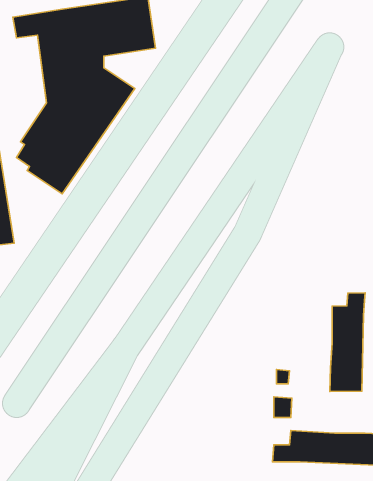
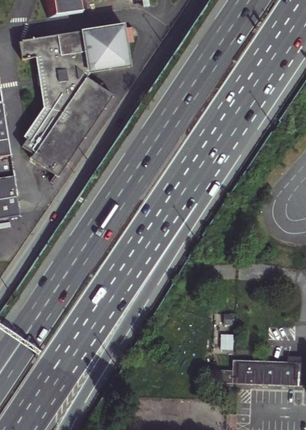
building: [330,293,365,392] -> none

